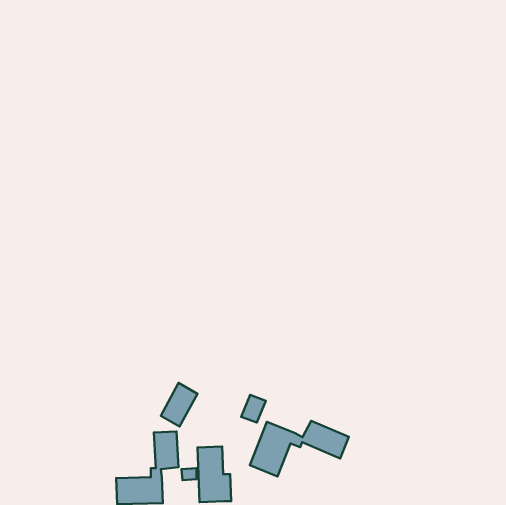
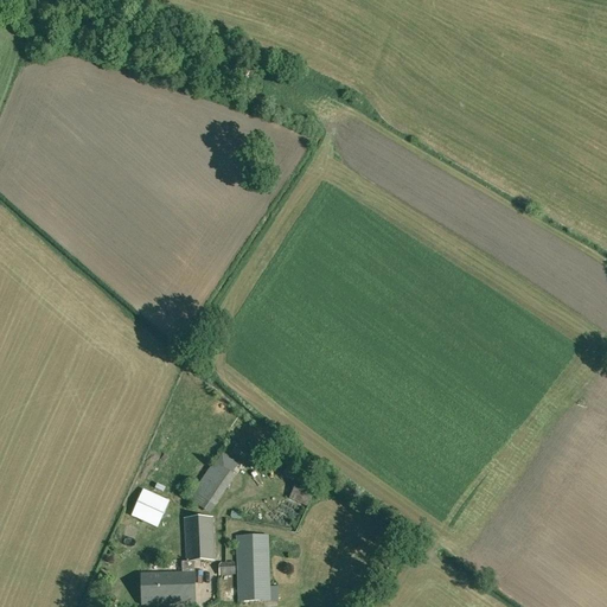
building: none -> [130,488,167,525]
building: [250,421,349,477] -> none

